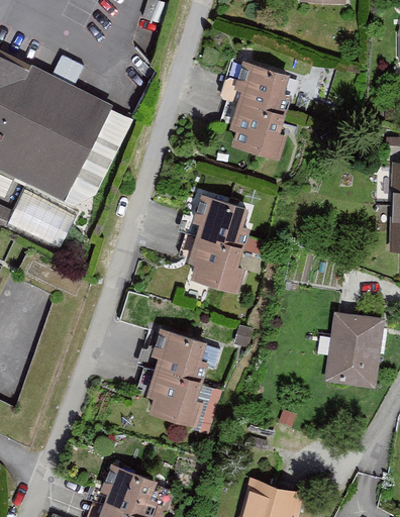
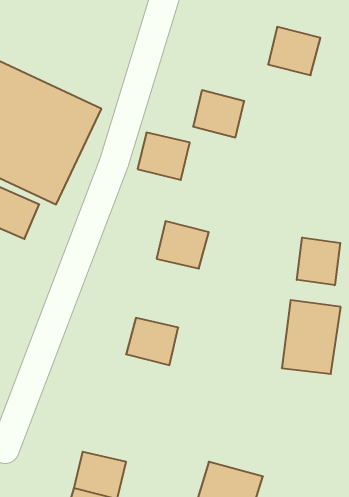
building: [237,60,291,109] -> [268,27,320,75]
building: [200,195,254,243] -> [138,133,190,180]
building: none -> [297,237,340,285]
building: [151,369,204,417] -> none

